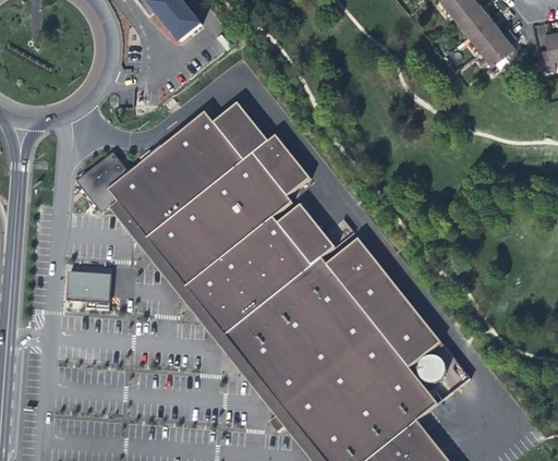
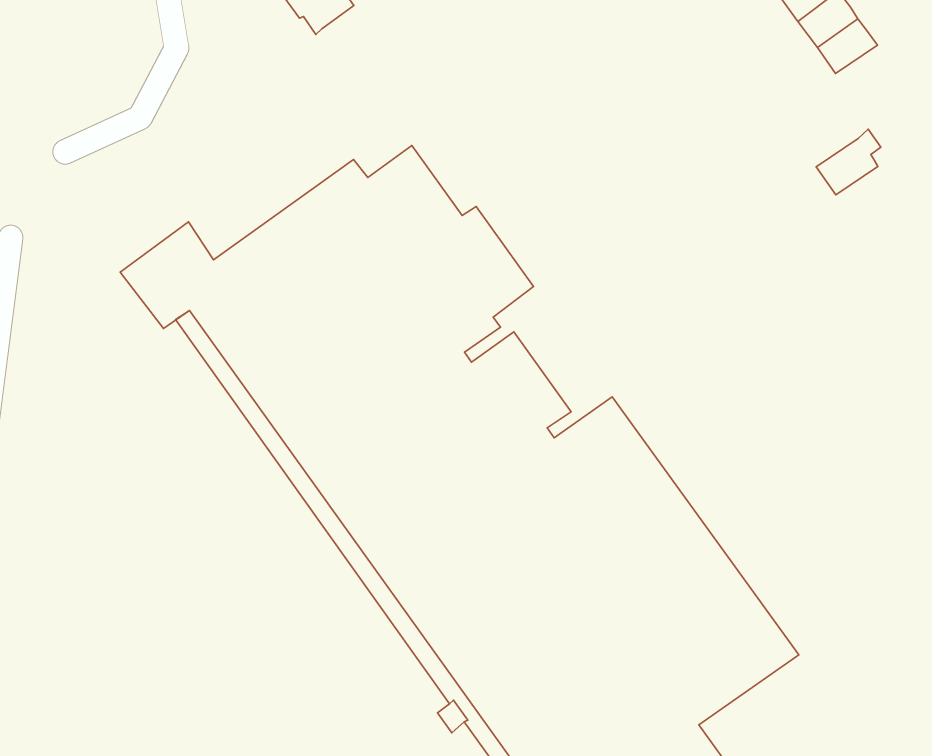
building: [475,25,511,63] -> [816,129,881,195]
building: [65,271,109,308] -> none

